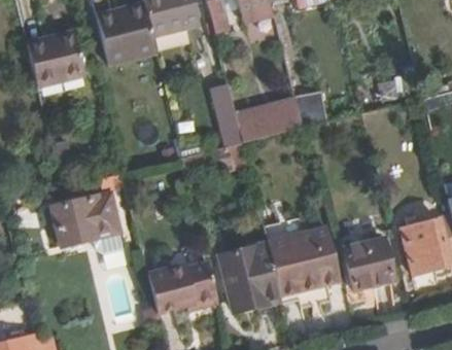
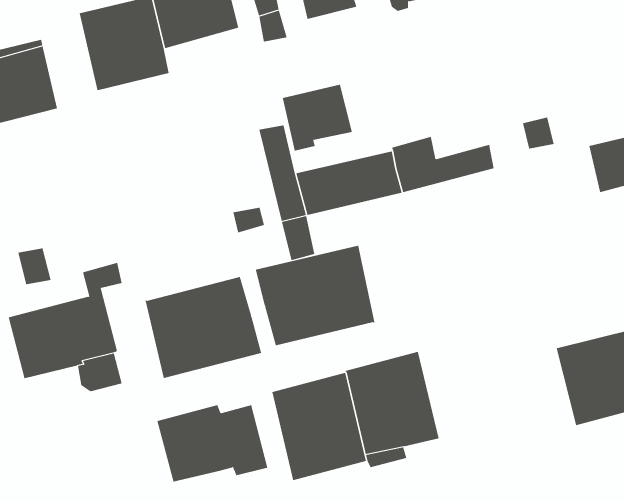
building: none -> [282,84,353,152]
building: none -> [255,245,375,346]
building: none -> [145,276,262,379]
building: [342,237,393,290] -> none

